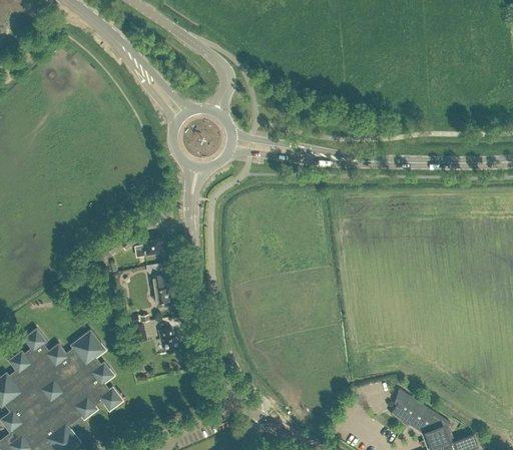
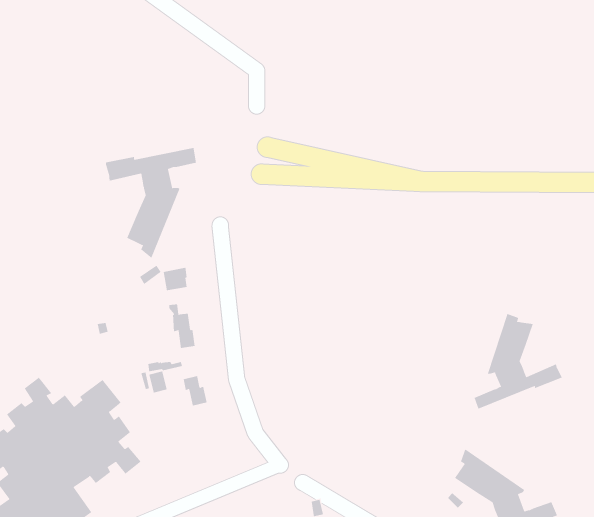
building: none -> [105,147,197,259]
building: none -> [474,313,562,409]

